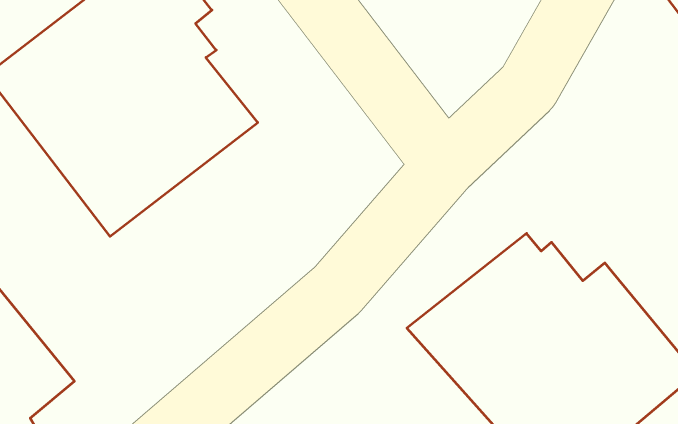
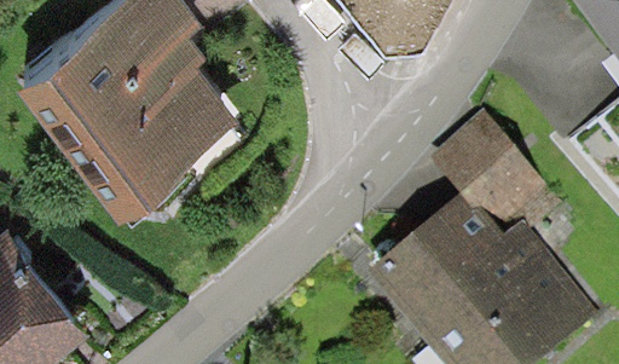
building: none -> [427,112,561,238]

